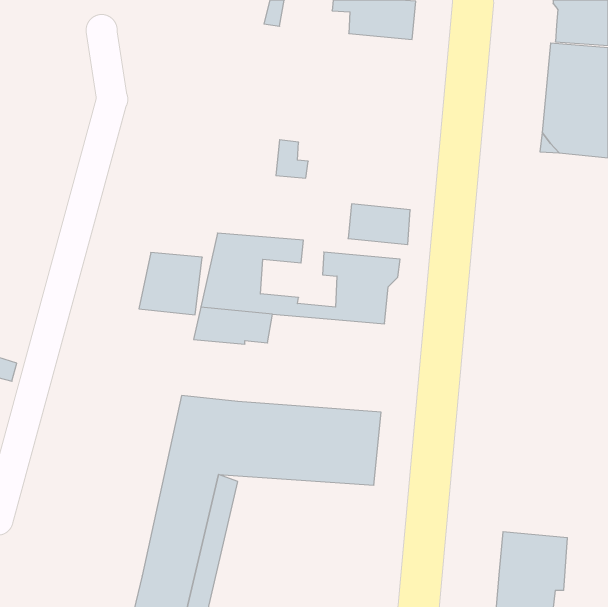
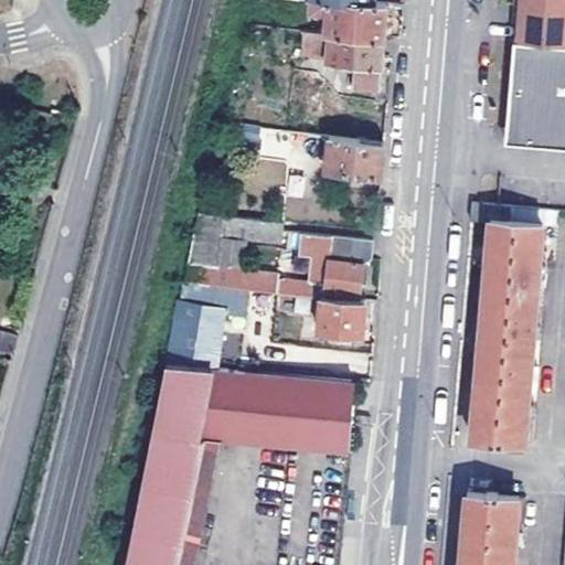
building: none -> [298,32,381,93]
building: [348,204,410,245] -> [322,140,380,178]
building: none -> [468,204,557,446]
building: [139,253,202,315] -> [168,317,226,374]
building: none -> [315,299,362,335]

